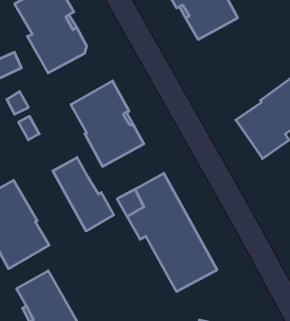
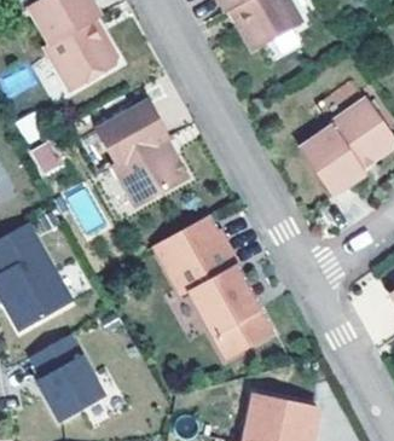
building: [53,157,114,231] -> none

